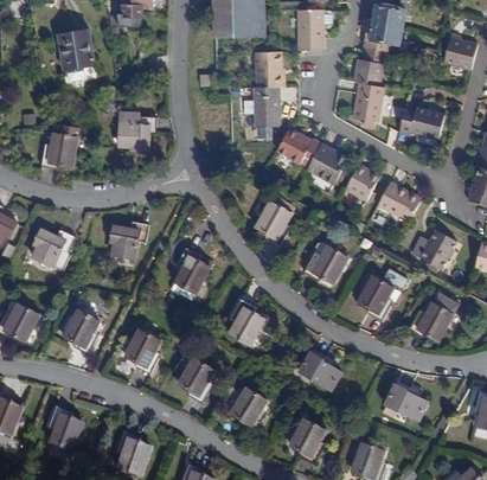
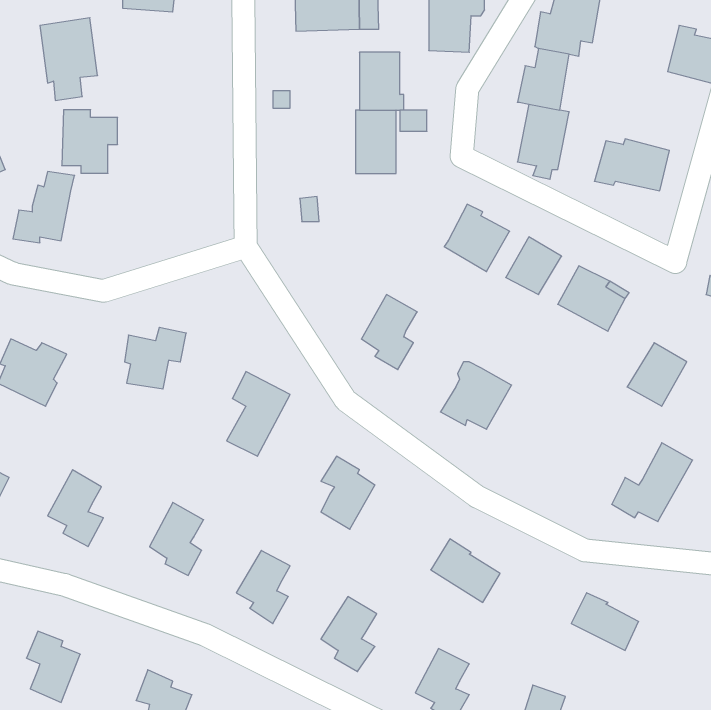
building: [121,113,155,152] -> [62,110,118,173]
building: [277,130,321,167] -> none
building: [357,267,406,321] -> none

